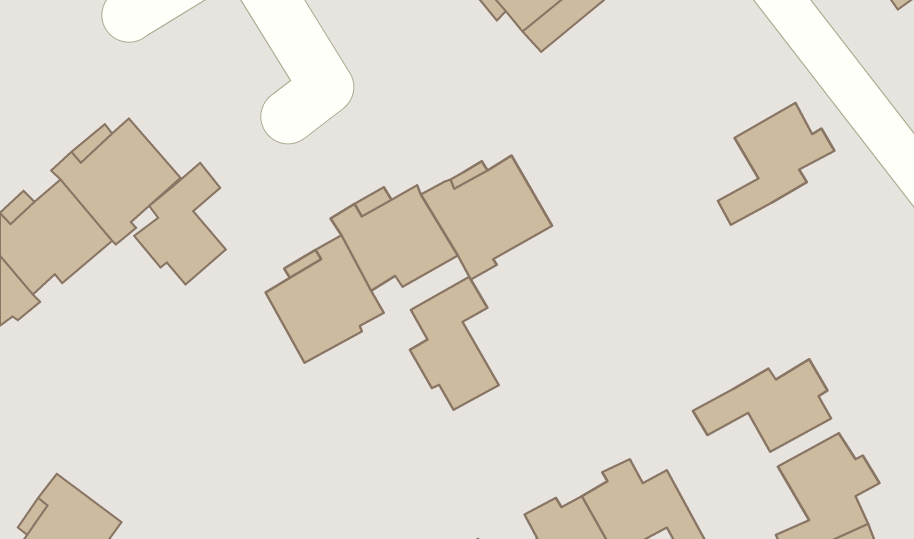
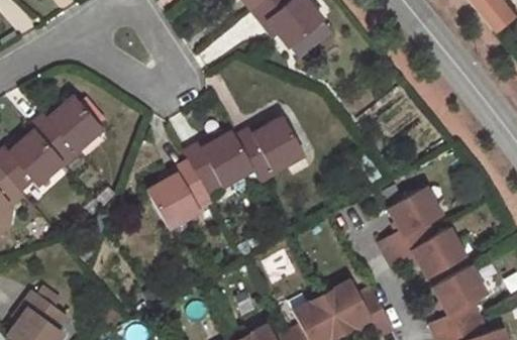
building: [718,103,834,225] -> [376,188,439,254]
building: [134,163,226,285] -> none
building: [410,277,499,410] -> none

